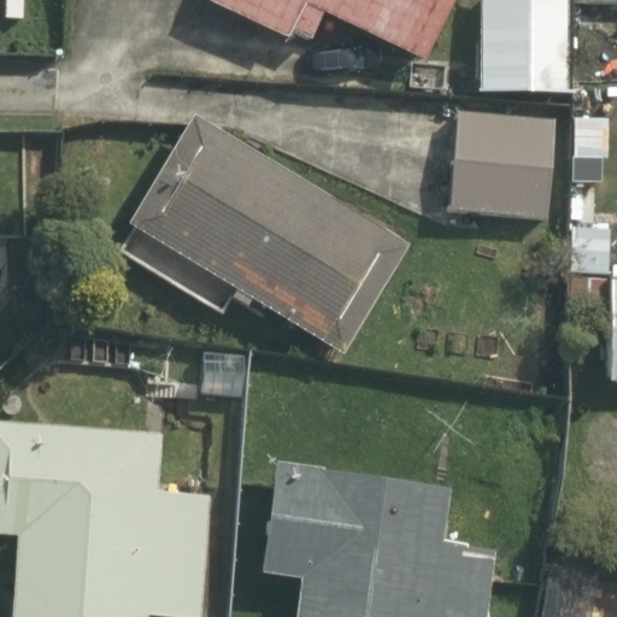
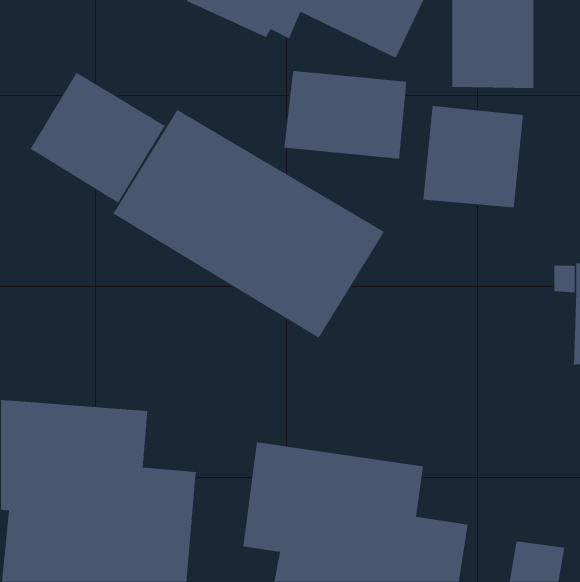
building: none -> [284,70,407,159]
building: none -> [30,72,165,204]

